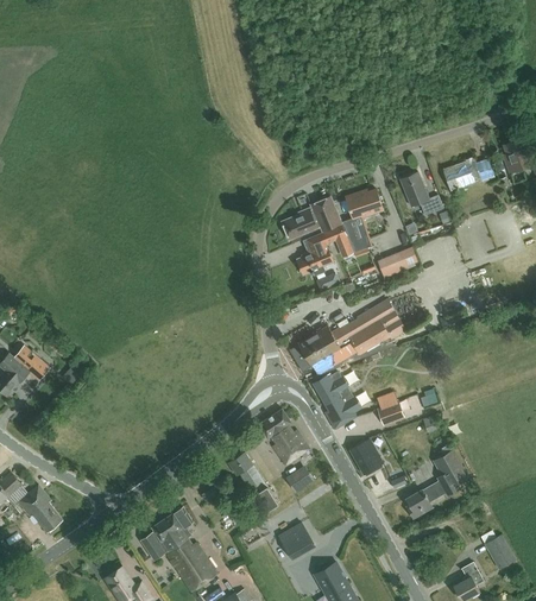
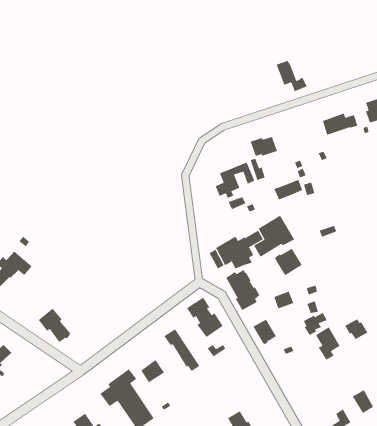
building: [399,171,442,214] -> [276,60,307,92]
building: [280,196,341,239] -> none
building: none -> [274,248,302,276]
building: none -> [345,318,368,340]
building: [17,483,62,531] -> [38,308,71,343]
building: [405,486,439,518] -> [303,312,327,336]
building: none -> [141,359,165,383]
building: [278,523,313,557] -> none

